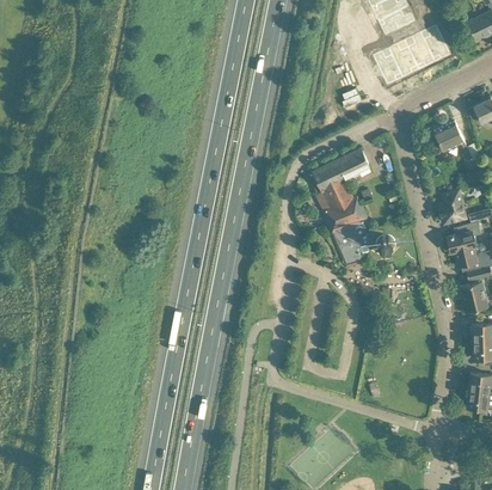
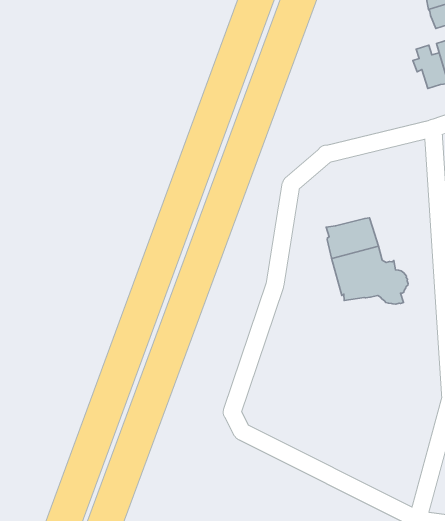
building: [313,148,369,210] -> none

